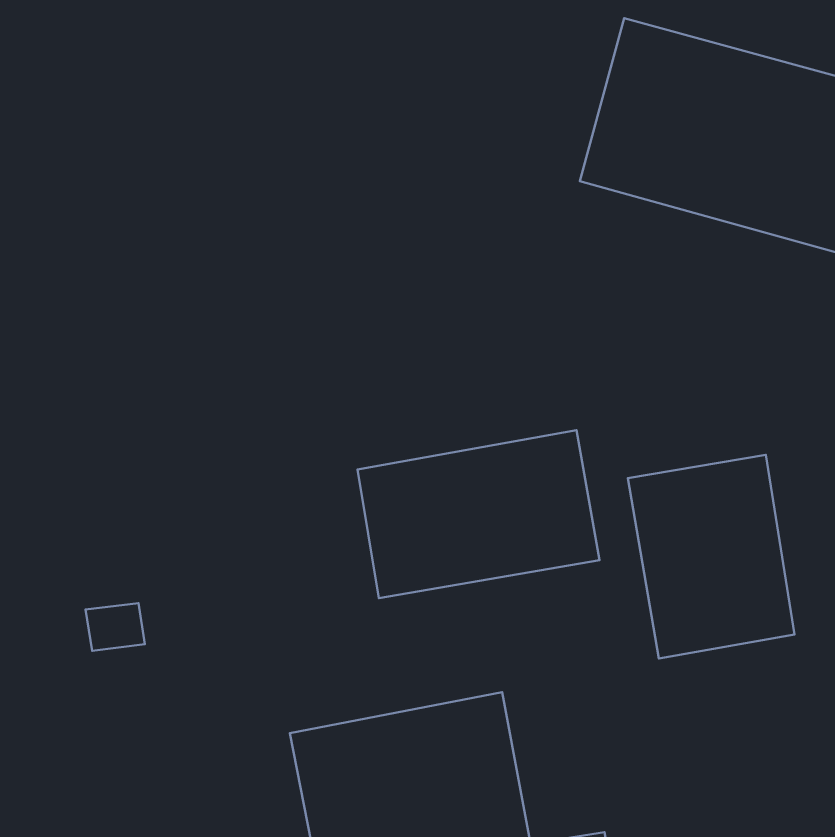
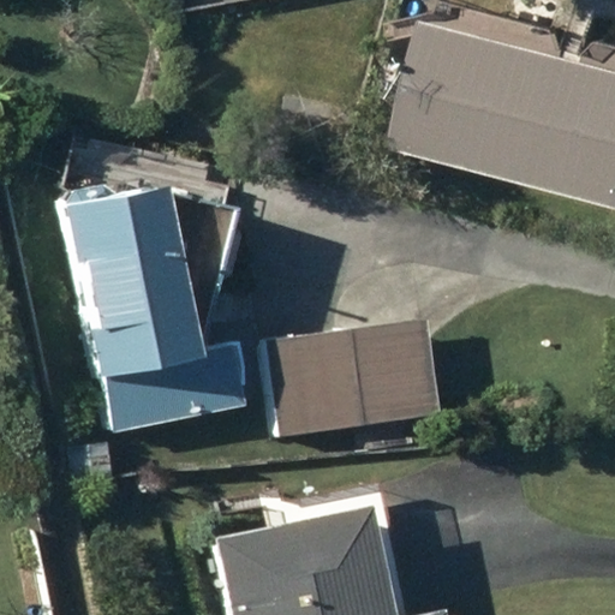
building: none -> [64,183,247,431]
building: [628,455,795,658] -> none

